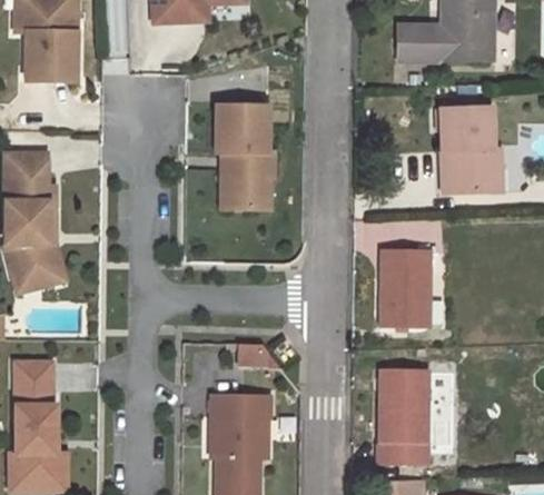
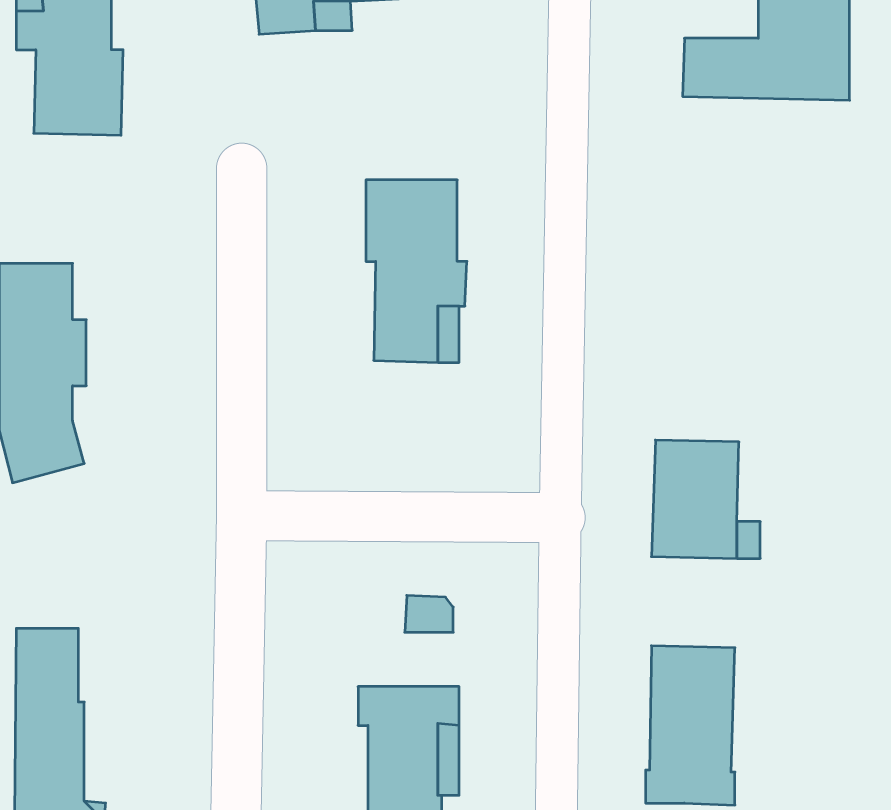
building: [441,107,502,192] -> none
building: [13,224,65,294] -> none

